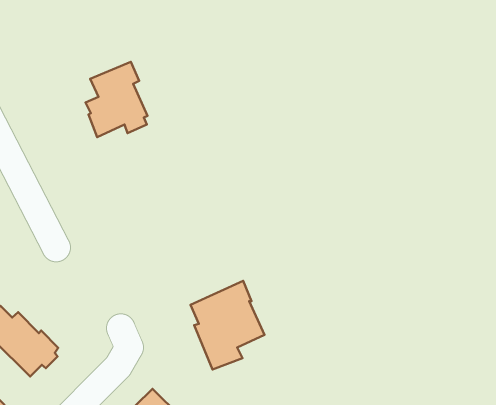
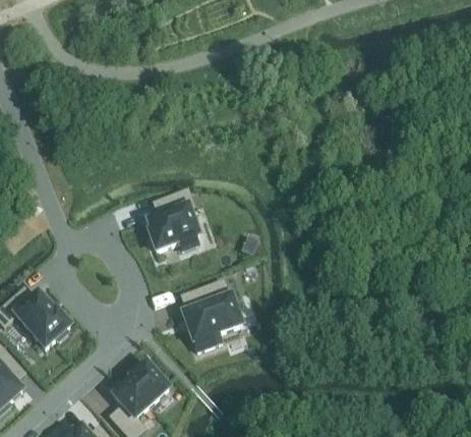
building: [85,62,147,137] -> [148,190,198,252]

